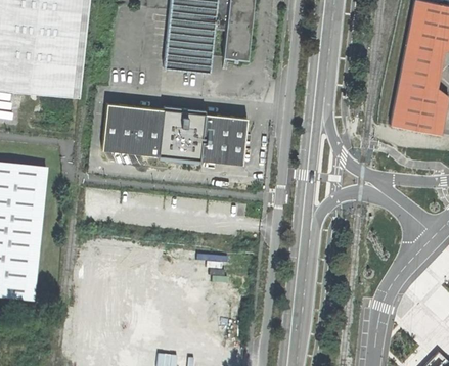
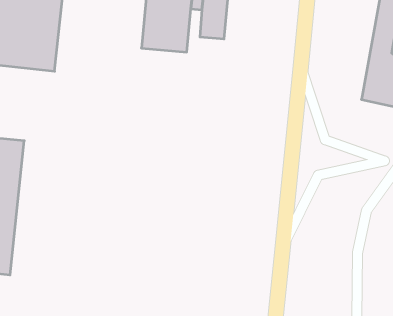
building: [103,106,249,167] -> none

